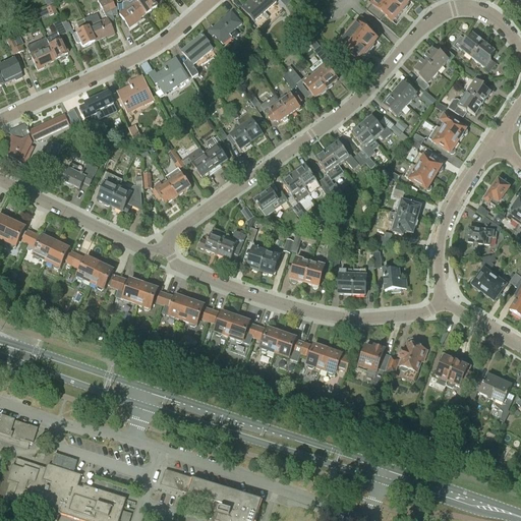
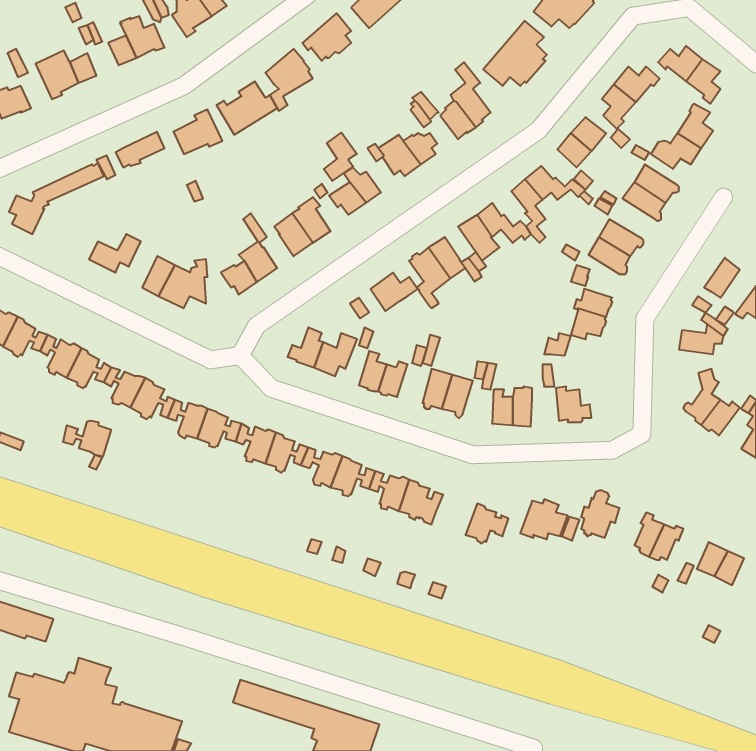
building: none -> [324,133,357,181]
building: none -> [63,421,111,456]
building: [299,340,328,367] -> none

